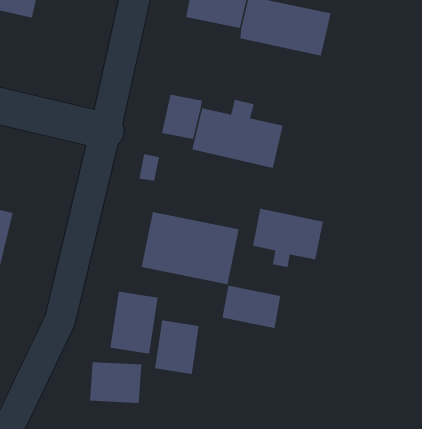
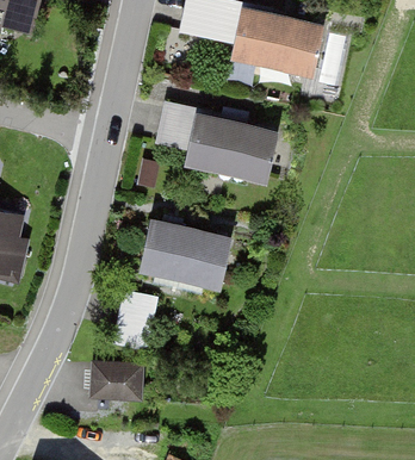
building: [252,208,323,268] -> none
building: [222,285,281,329] -> none
building: [154,320,199,375] -> none

